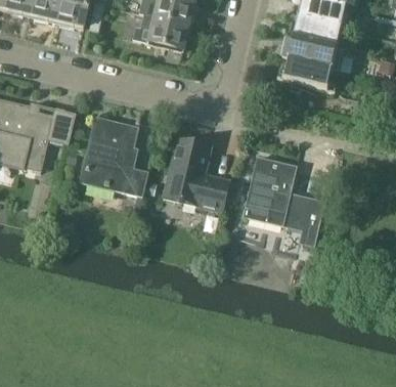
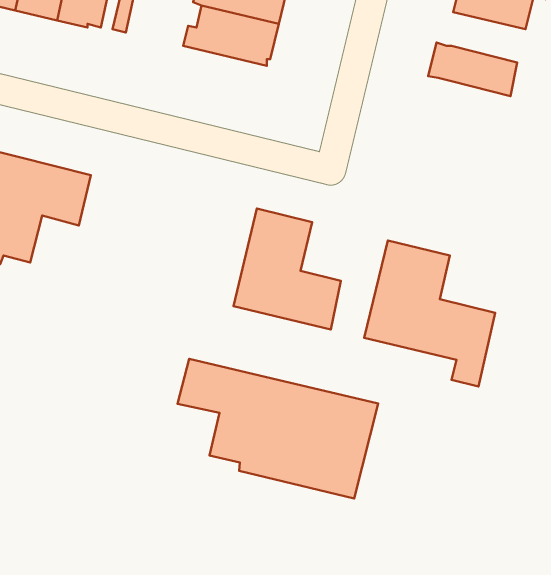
building: [293,16,341,47] -> none
building: [282,56,339,90] -> none
building: [83,117,147,193] -> none
building: none -> [178,359,378,499]

